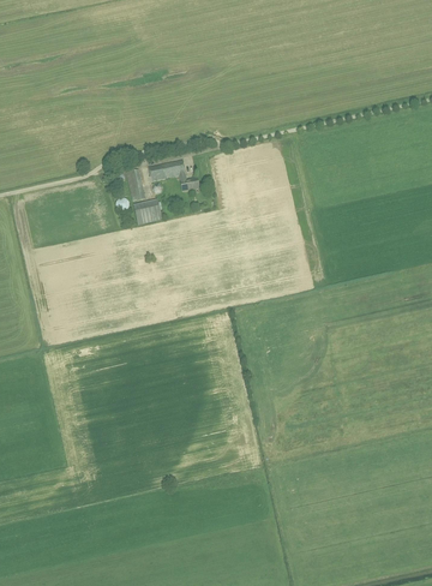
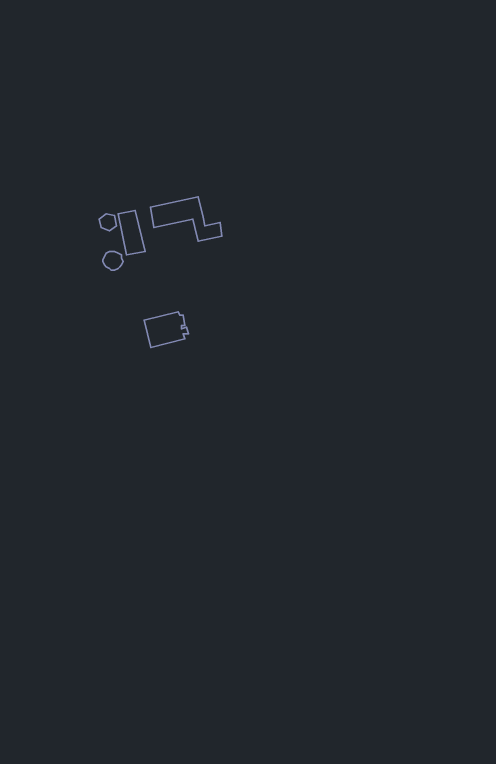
building: [132,199,163,225] -> [144,312,188,347]

